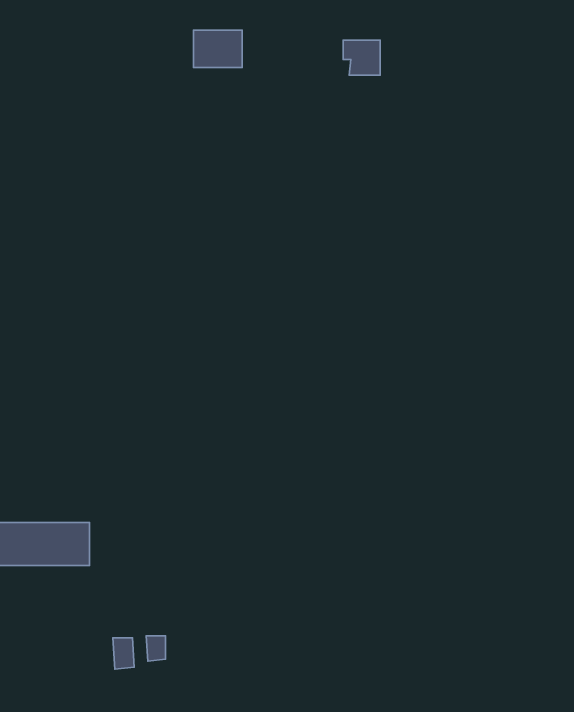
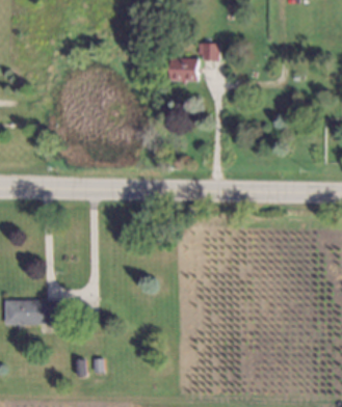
building: [193,30,242,67] -> [170,62,196,82]

